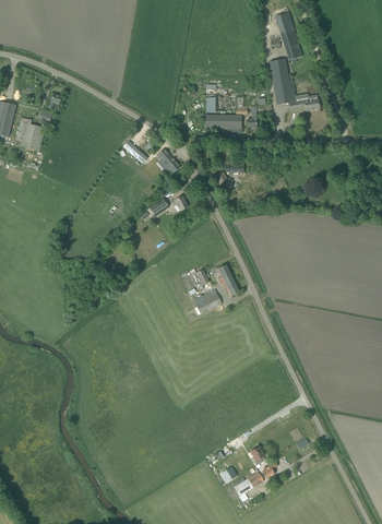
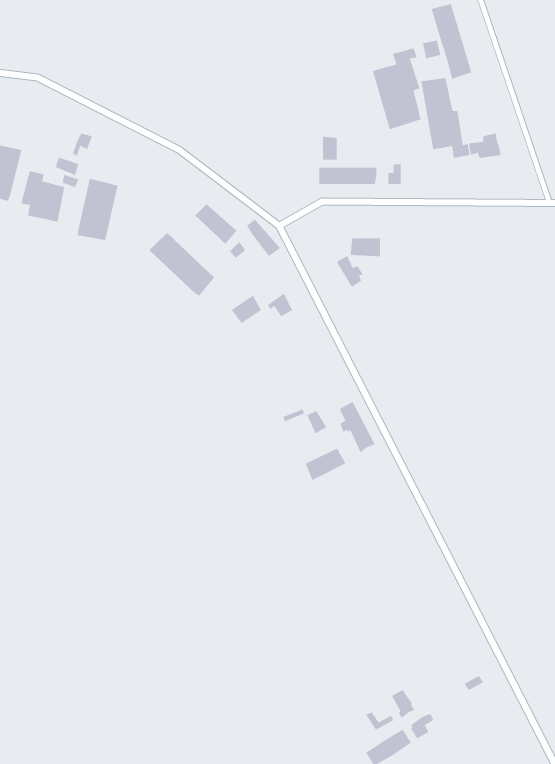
building: none -> [372,48,421,130]
building: none -> [77,178,118,241]
building: none -> [149,232,215,297]

